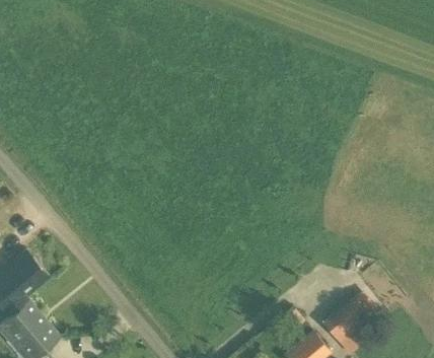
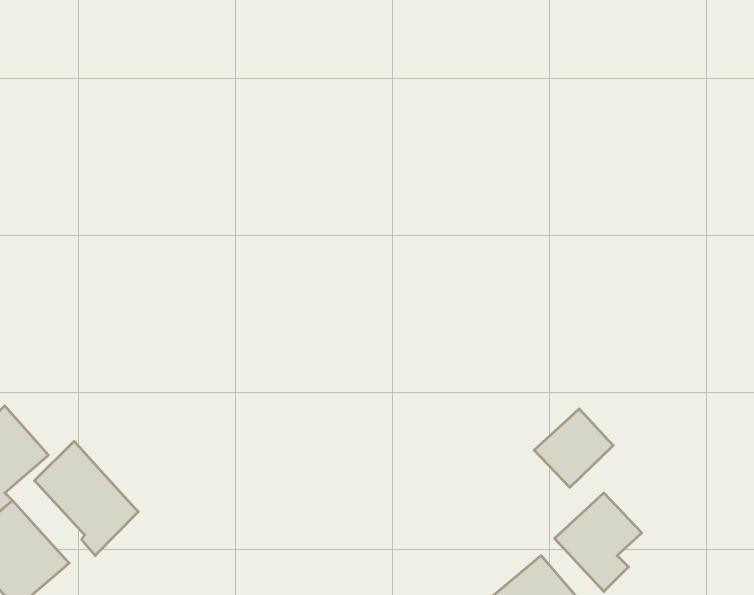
building: none -> [534,409,613,487]
building: none -> [34,441,138,556]

